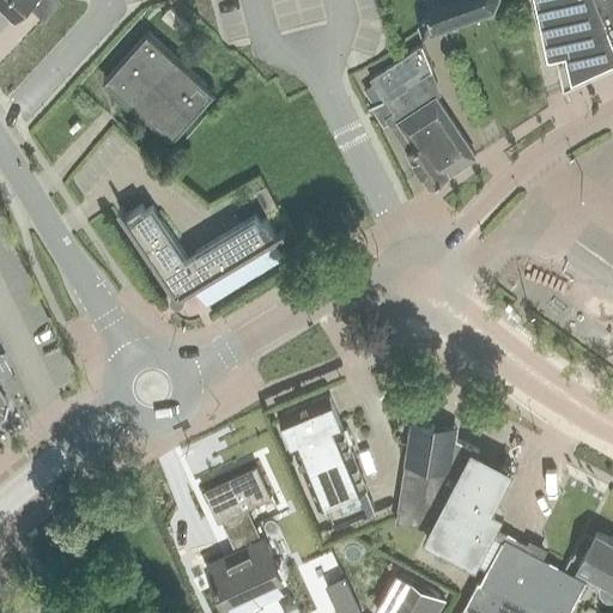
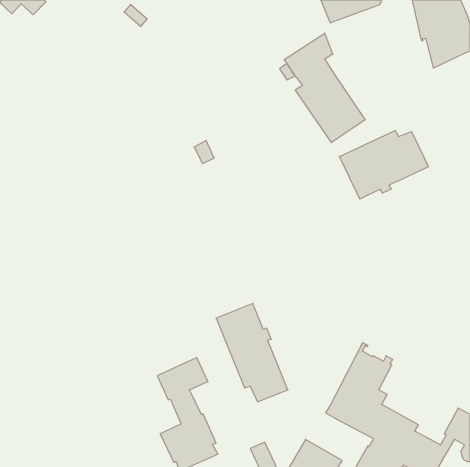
building: [105,35,214,142] -> none
building: none -> [340,130,428,199]
building: [119,208,286,304] -> none
building: [396,426,472,532] -> none

